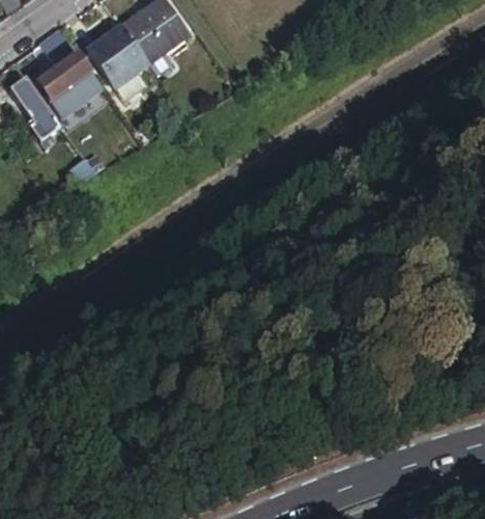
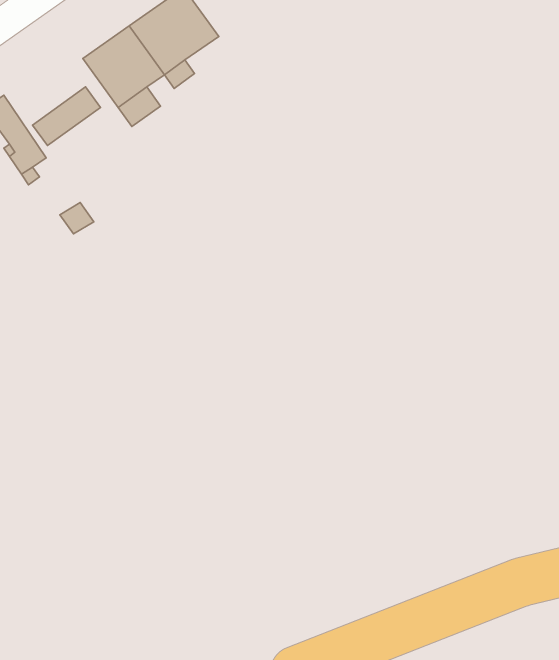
building: [36,26,89,99] -> none

